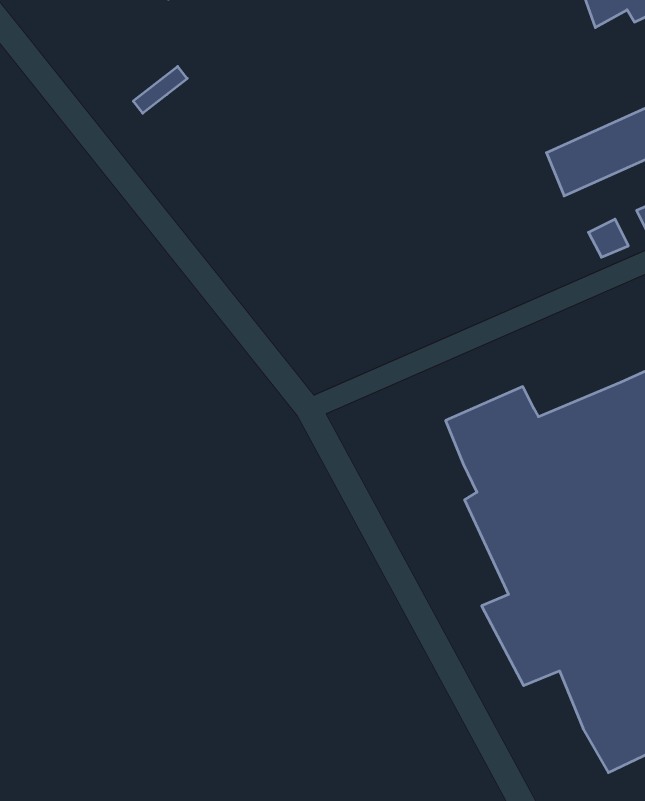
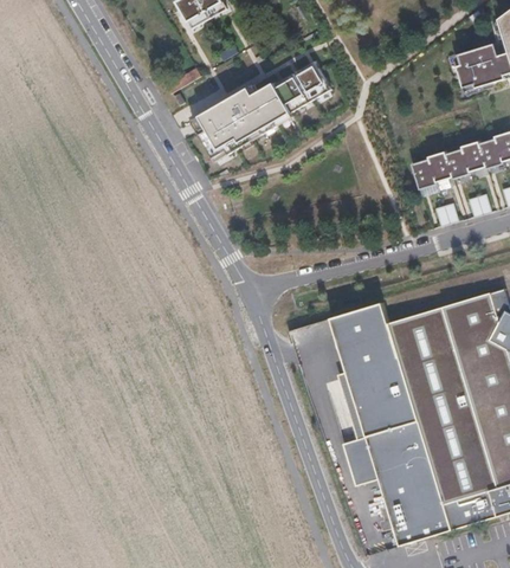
building: none -> [199,60,335,151]

